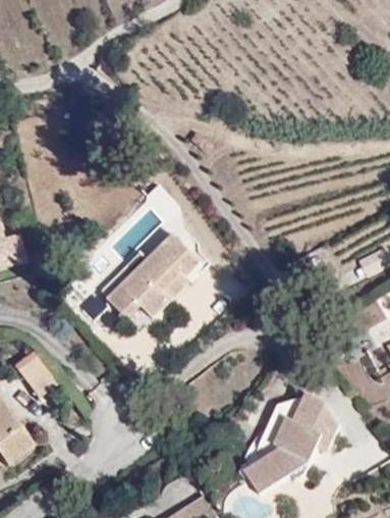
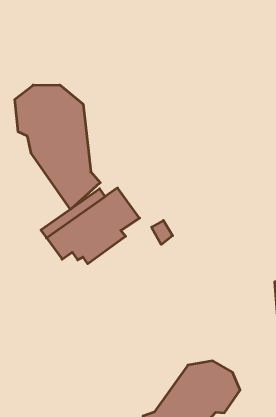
building: none -> [15,85,100,209]

